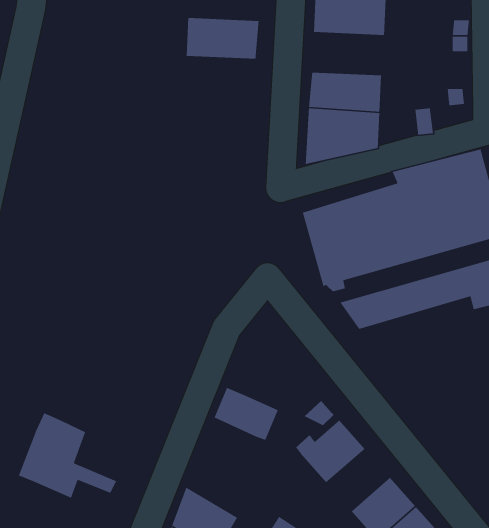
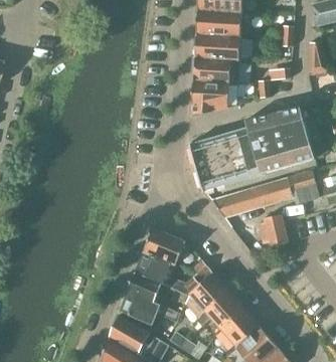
building: [186,17,259,60] -> [195,34,240,60]
building: none -> [259,214,287,246]
building: none -> [143,227,186,266]
building: [18,412,117,499] -> [119,272,180,325]
building: none -> [196,291,243,329]

